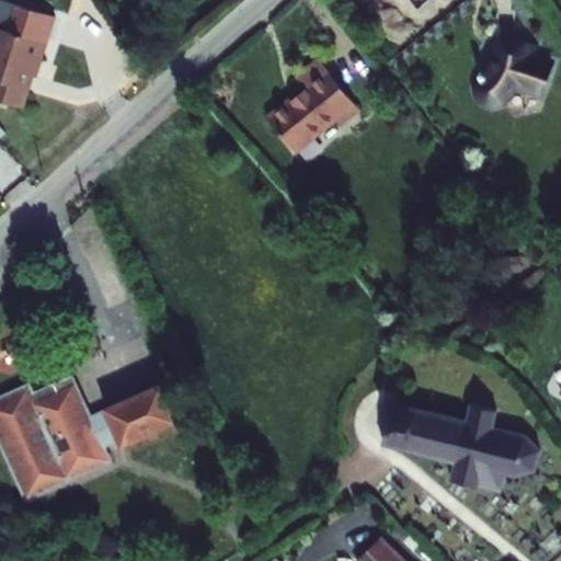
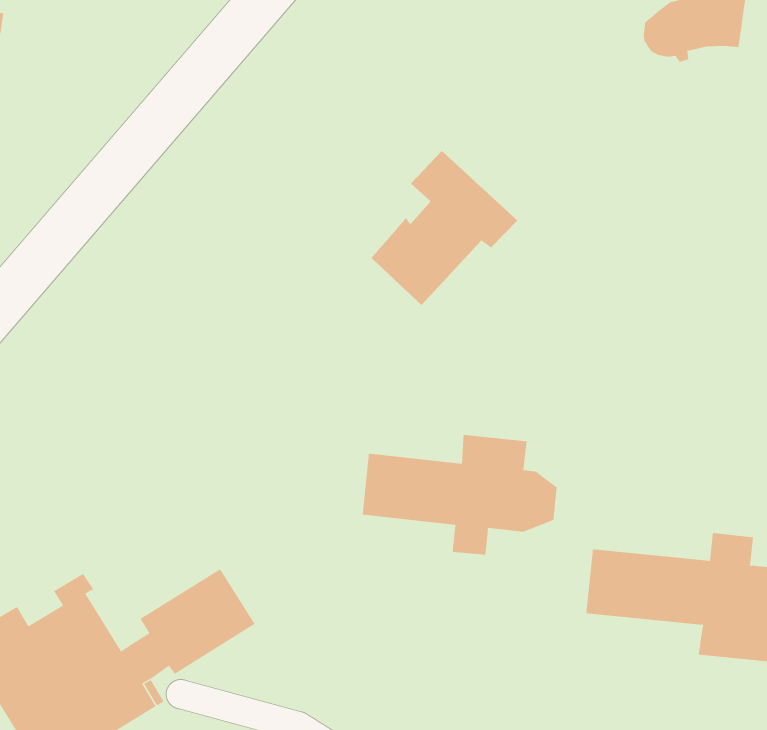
building: [270,51,367,149] -> [370,150,518,306]
building: none -> [362,434,557,556]

